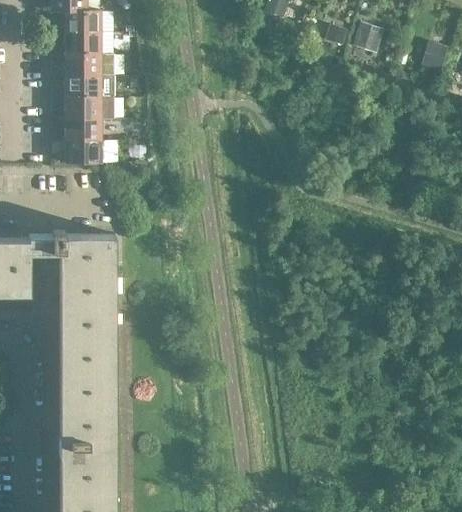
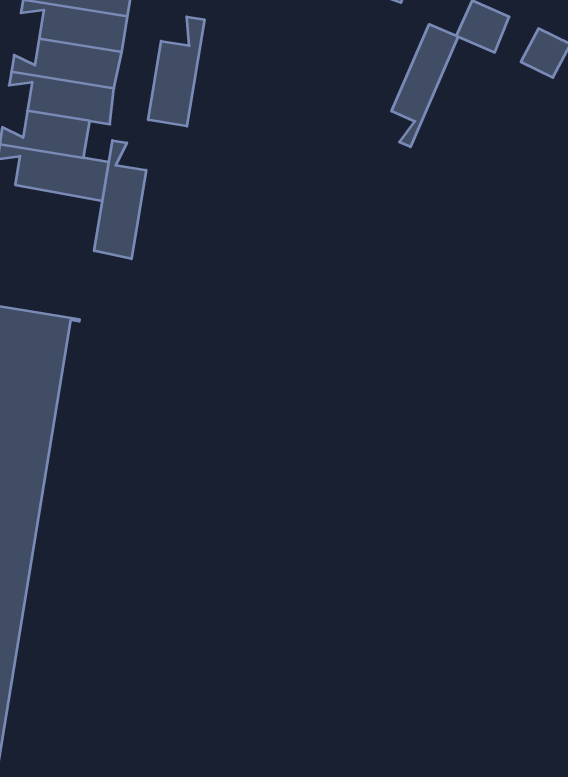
building: none -> [392,24,458,147]
building: none -> [148,17,204,126]
building: none -> [94,140,146,259]

